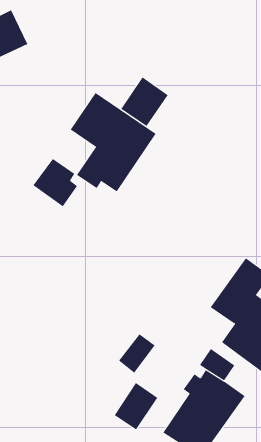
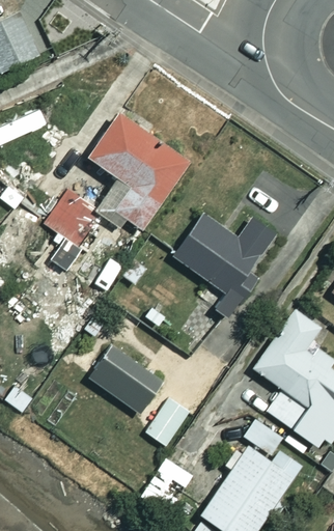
building: [120,77,169,127] -> none
building: none -> [173,216,281,316]
building: none -> [88,343,162,414]

